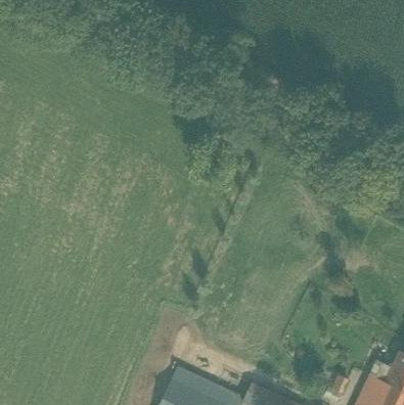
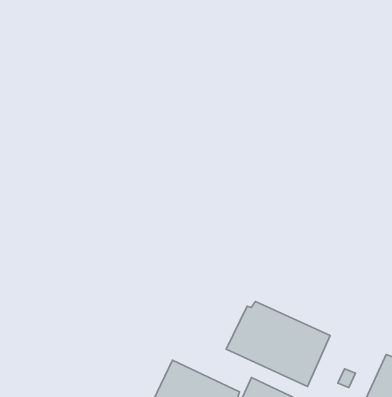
building: none -> [226,302,330,387]

